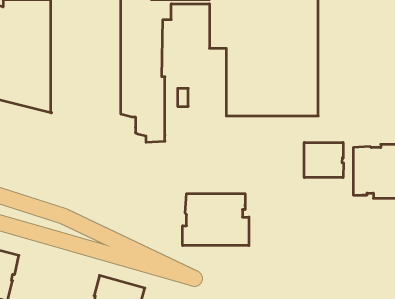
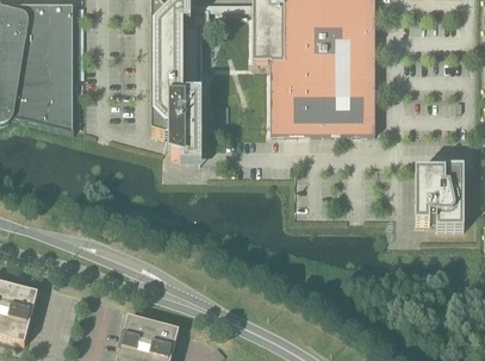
building: [304,142,344,178] -> none
building: [183,194,249,246] -> none

